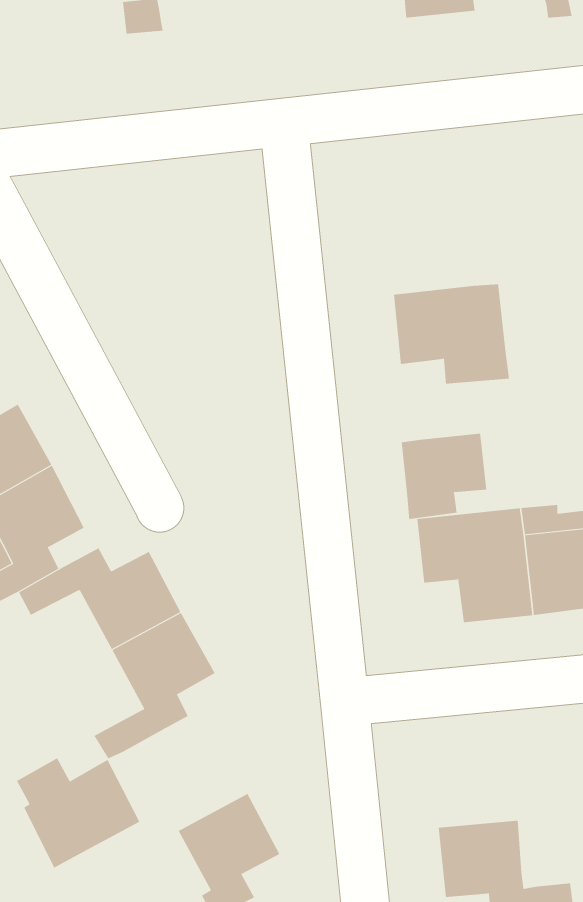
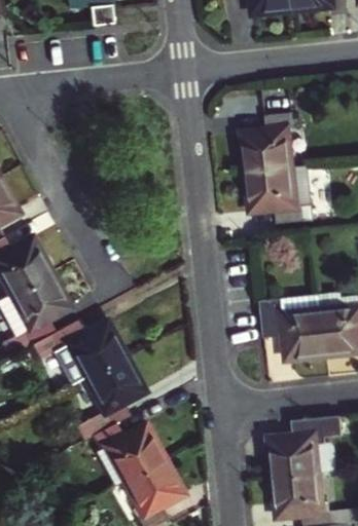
building: none -> [242,112,293,172]
building: [401,433,487,520] -> none
building: none -> [268,415,341,477]
building: [16,757,140,869] -> [92,420,163,484]

